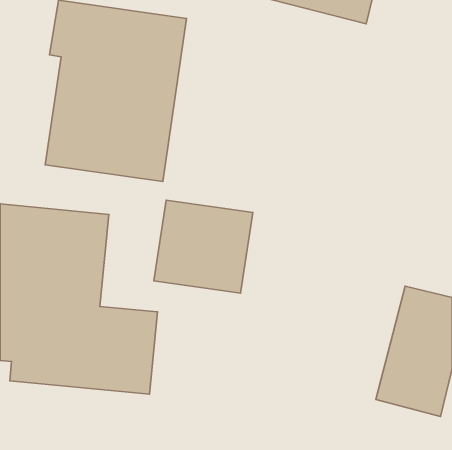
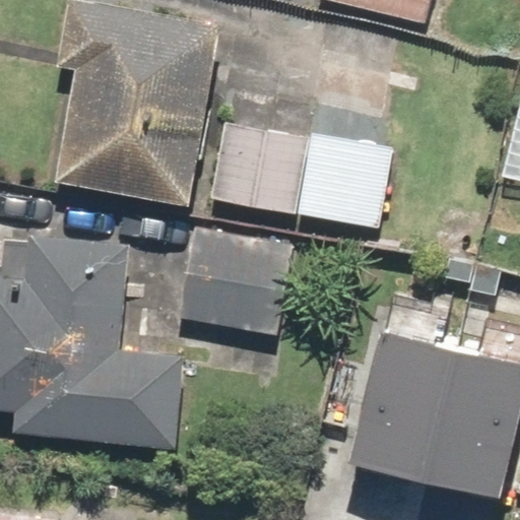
building: none -> [211,120,393,232]
building: none -> [355,309,465,458]

